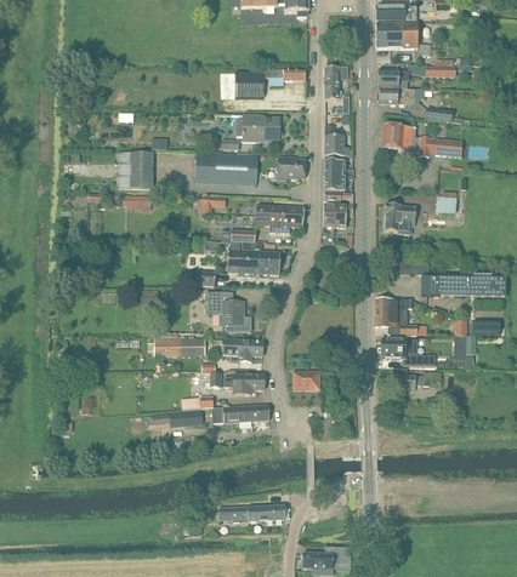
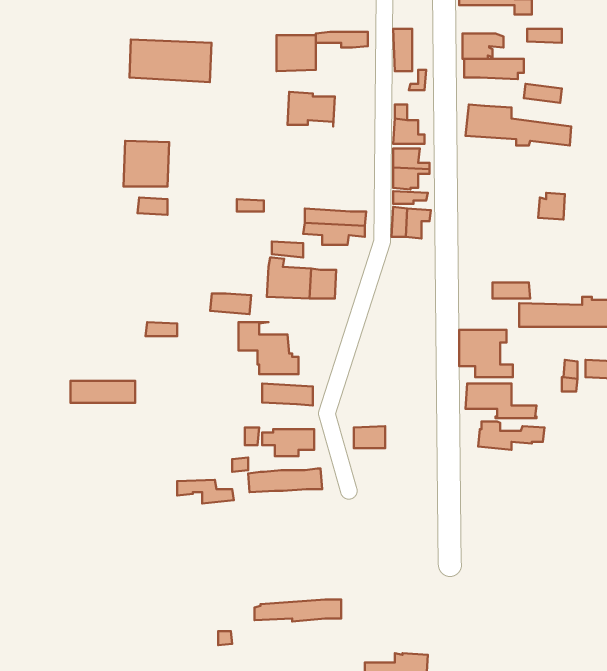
building: [197,153,260,185] -> [129,40,211,82]
building: [278,156,306,178] -> none
building: [385,202,417,230] -> none
building: [155,337,205,354] -> [70,381,135,403]

